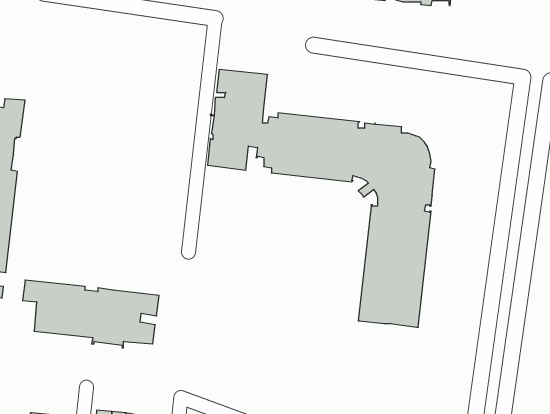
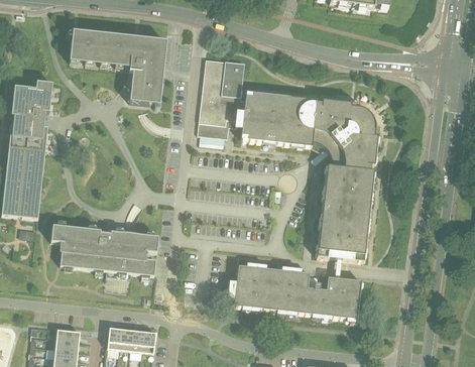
building: none -> [69,30,166,104]
building: none -> [228,258,361,322]

